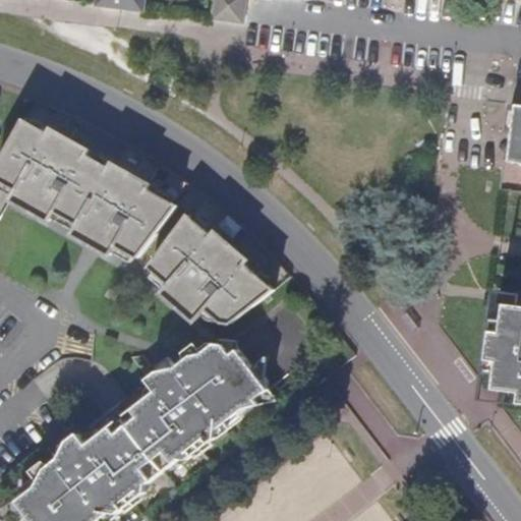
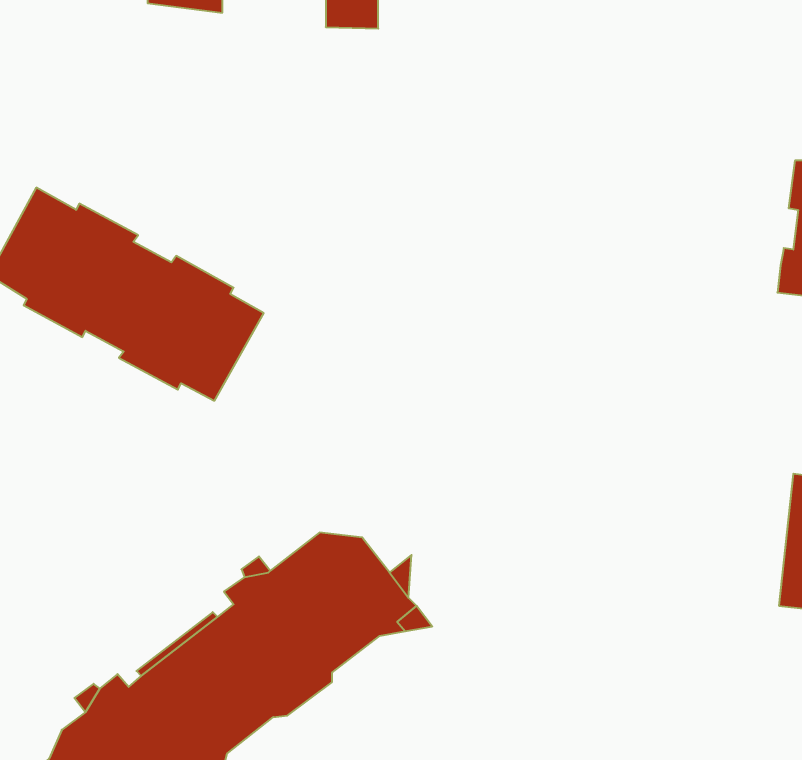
building: [151,211,270,325] -> none

